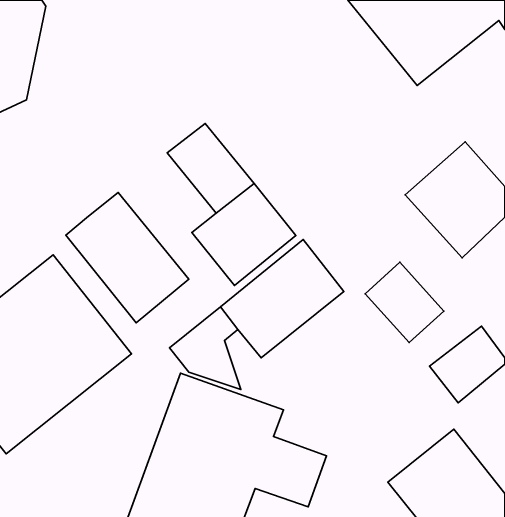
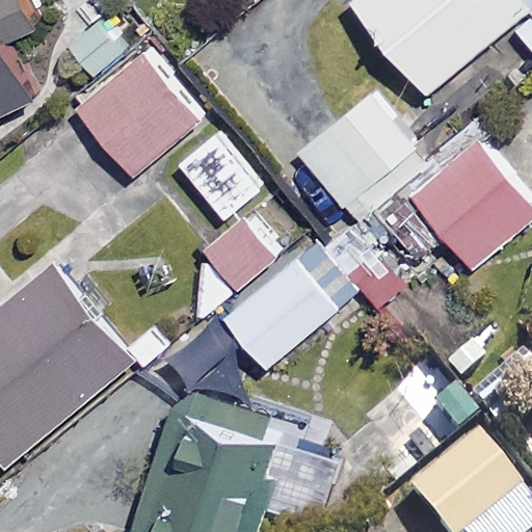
building: none -> [73,47,202,175]
building: none -> [295,92,421,217]
building: [66,193,189,323] -> none

